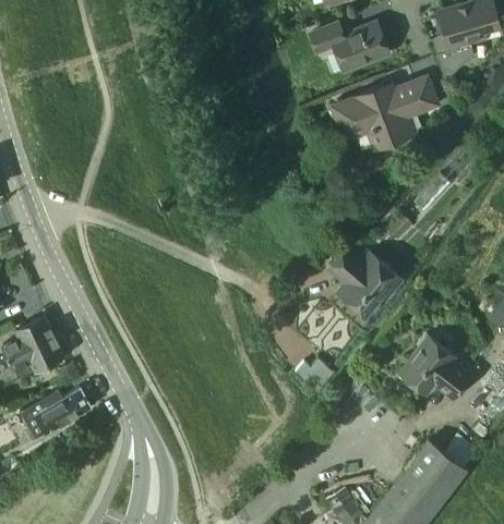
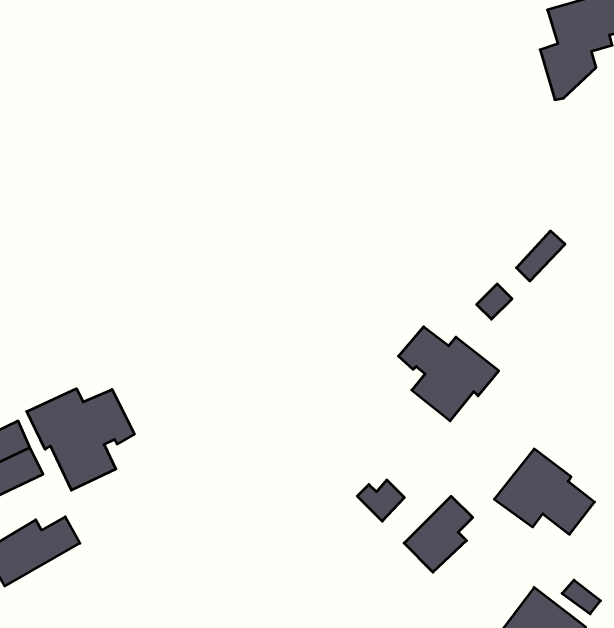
building: [311,23,387,71] -> none
building: [332,77,436,148] -> none
building: none -> [27,389,134,490]
building: none -> [404,496,473,572]

